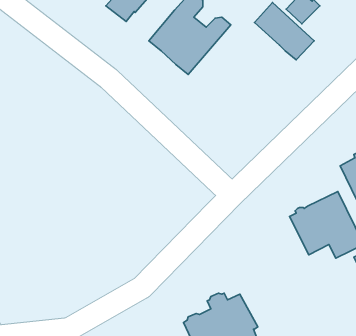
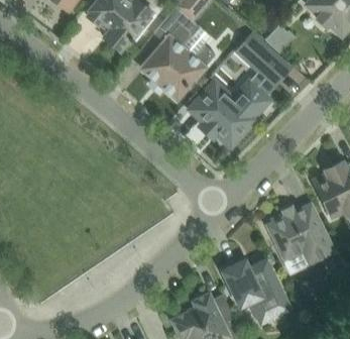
building: none -> [190,72,267,146]
building: none -> [222,258,289,322]

